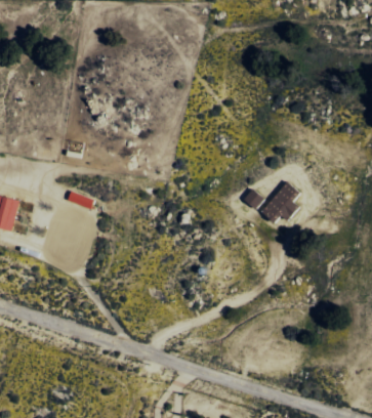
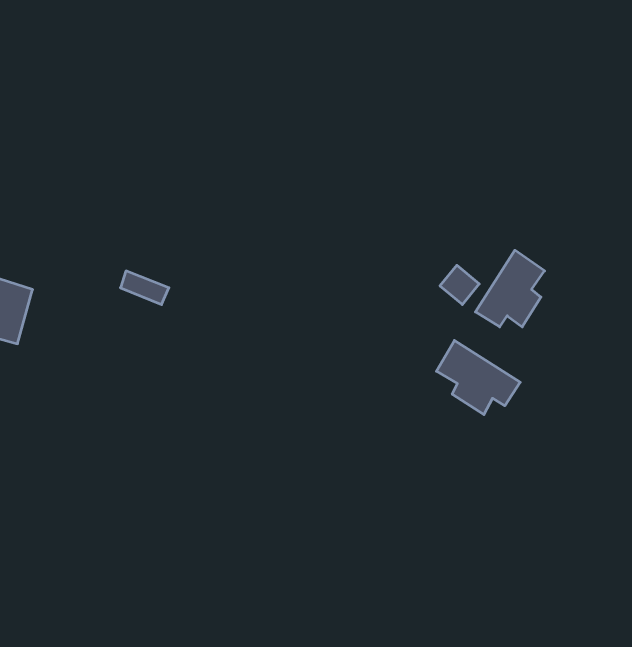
building: none -> [436,340,520,415]

